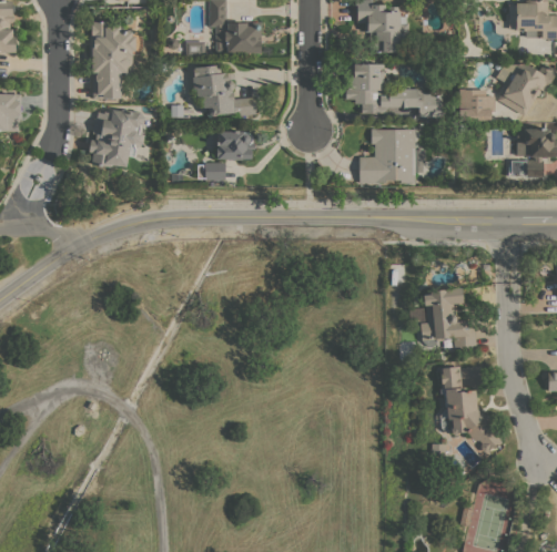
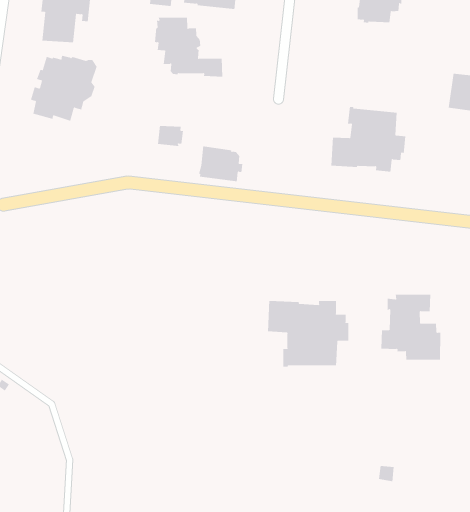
building: [344,62,442,116] -> none
building: [215,131,254,160] -> [198,146,243,182]
building: none -> [268,300,349,367]
building: [437,366,500,452] -> none

